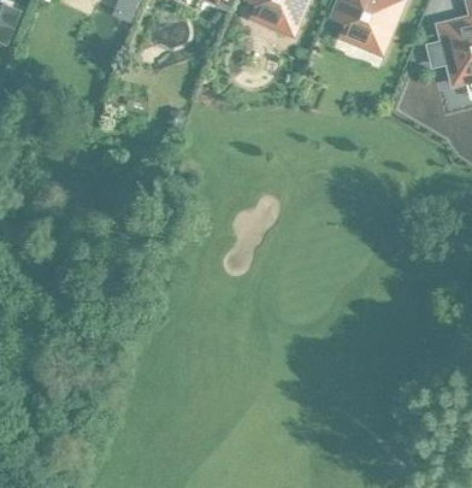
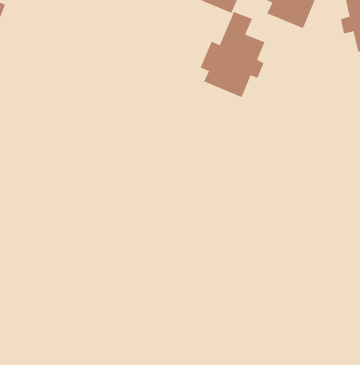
building: none -> [200,11,265,98]

